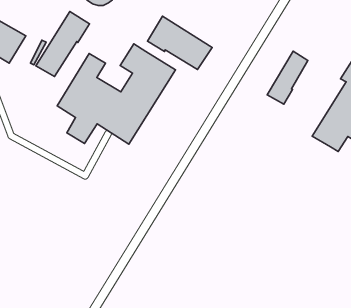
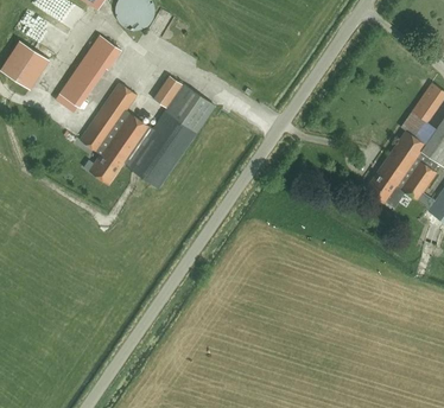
building: [147,16,212,69] -> none
building: [267,51,308,104] -> none

